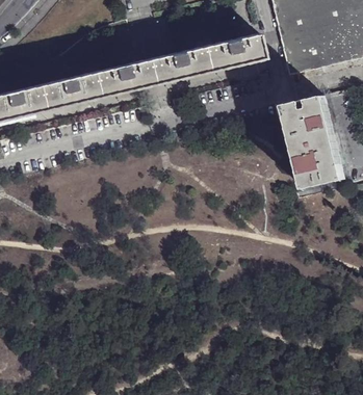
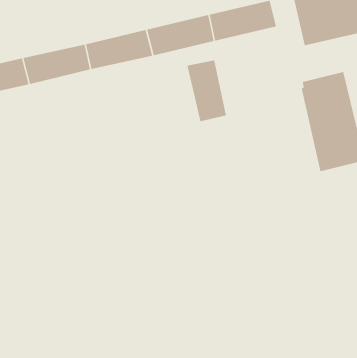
building: none -> [186,59,227,122]

